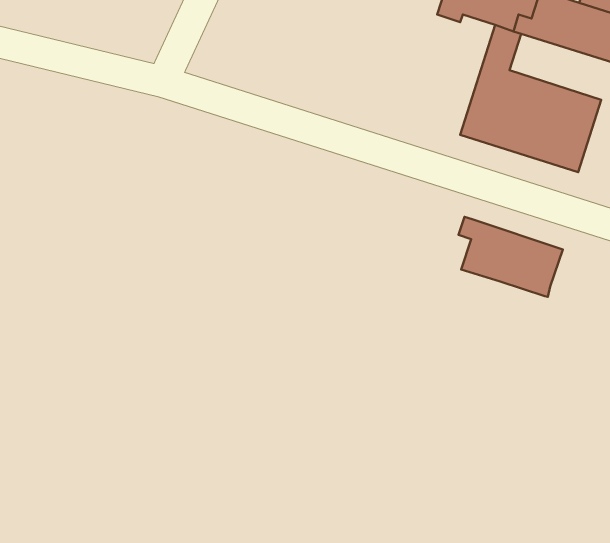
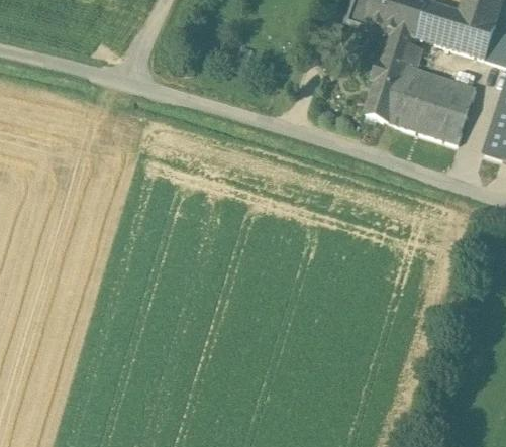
building: [458,217,563,297] -> none

